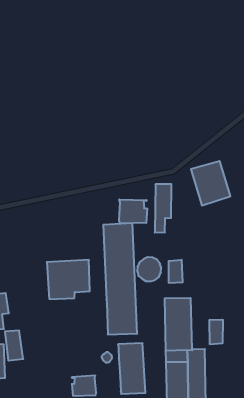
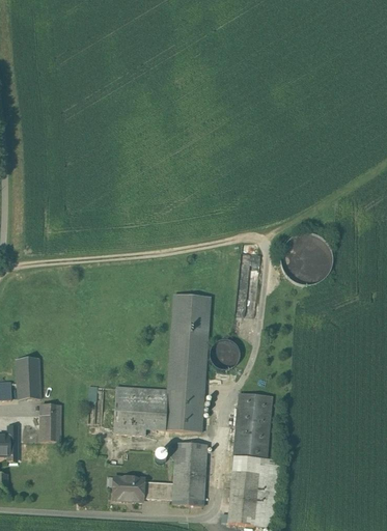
building: [119,199,147,223] -> none
building: [169,260,183,283] -> none
building: [47,260,90,299] -> [114,386,168,434]
building: [210,320,223,344] -> none
building: none -> [143,479,174,499]

